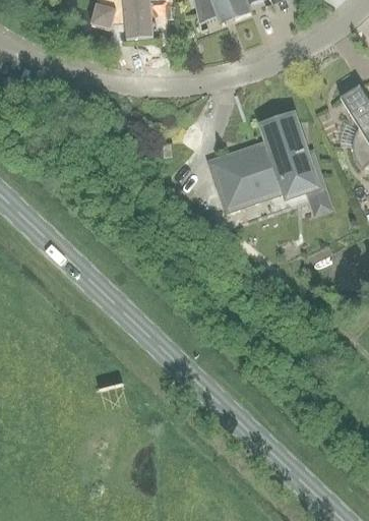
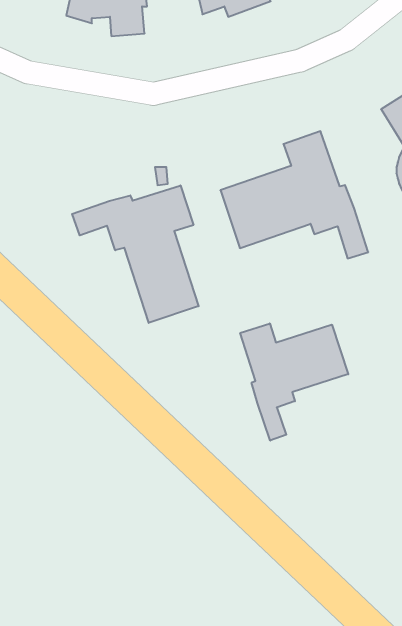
building: none -> [72,185,199,323]
building: none -> [240,323,348,441]

